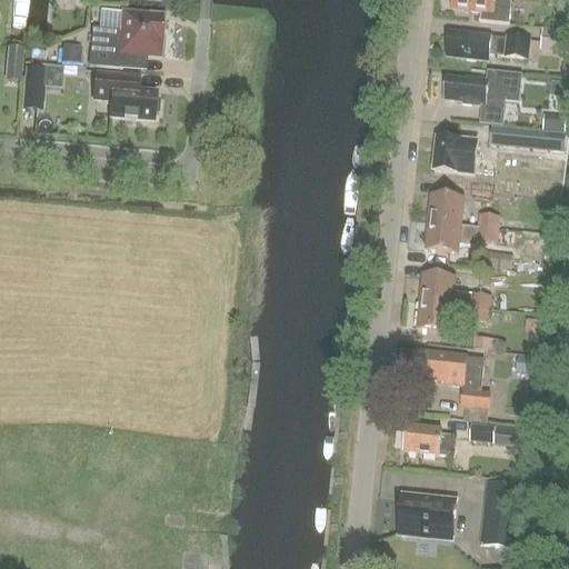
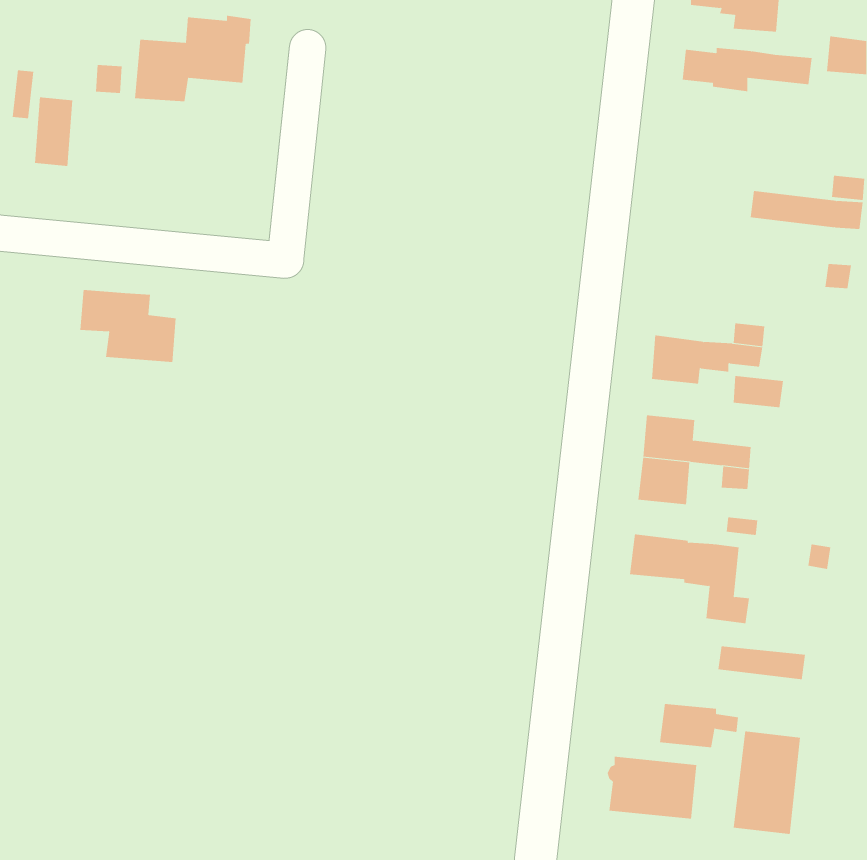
building: [442,69,522,124] -> none
building: [92,71,156,119] -> [80,289,176,362]
building: [433,136,477,172] -> none
building: [428,191,463,223] -> none
building: [403,425,456,453] -> [659,704,739,748]

